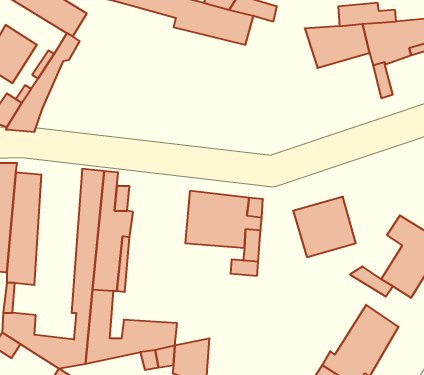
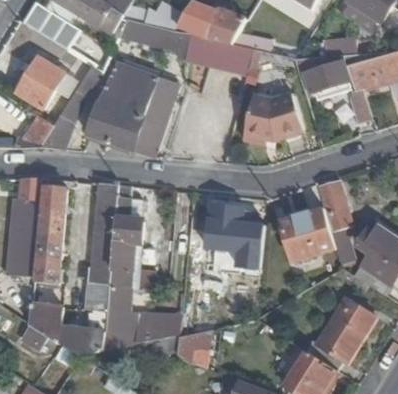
building: none -> [83,61,173,158]
building: none -> [236,96,304,148]
building: none -> [319,179,356,260]

